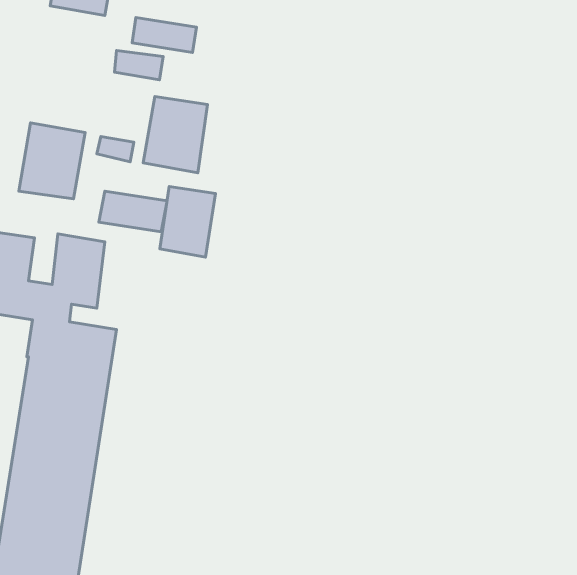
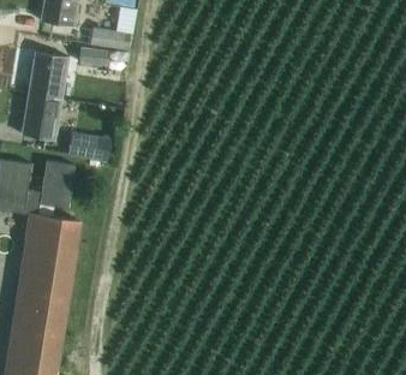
building: [143,97,207,173] -> [28,52,67,99]
building: [160,187,216,257] -> none

